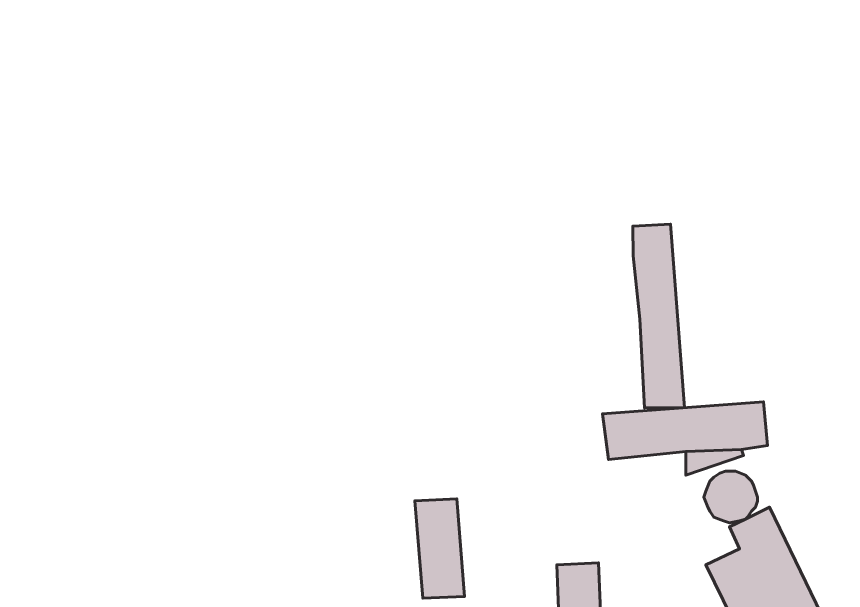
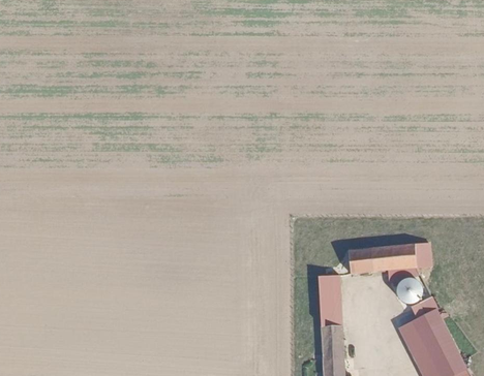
building: [633,224,684,408] -> none
building: [415,499,465,598] -> [317,277,343,328]

